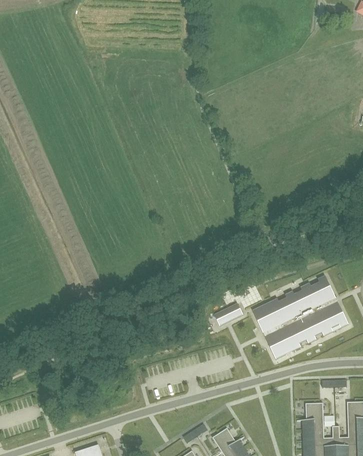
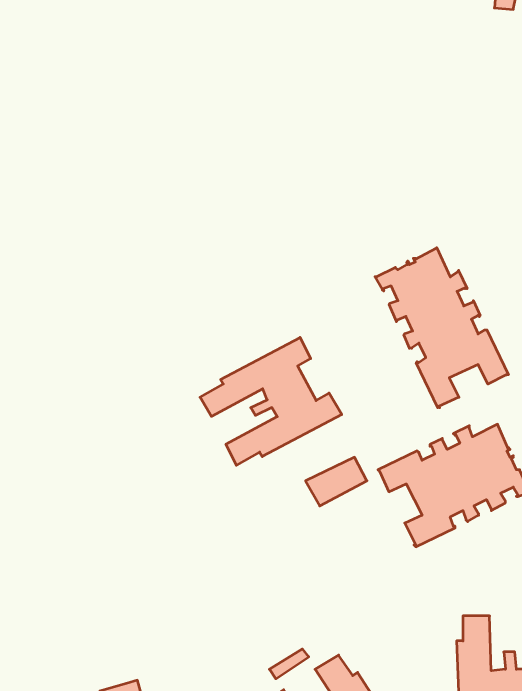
building: none -> [375,248,508,408]
building: none -> [200,337,342,465]

